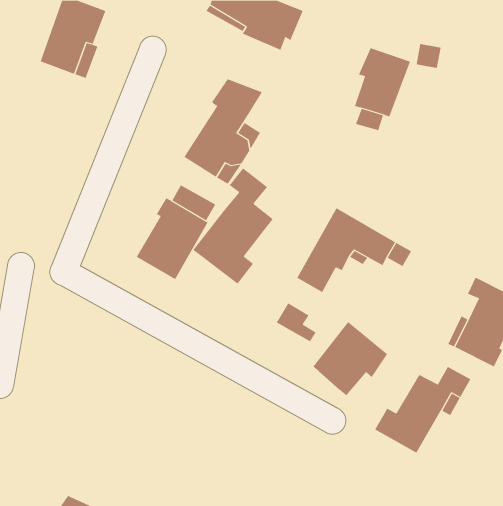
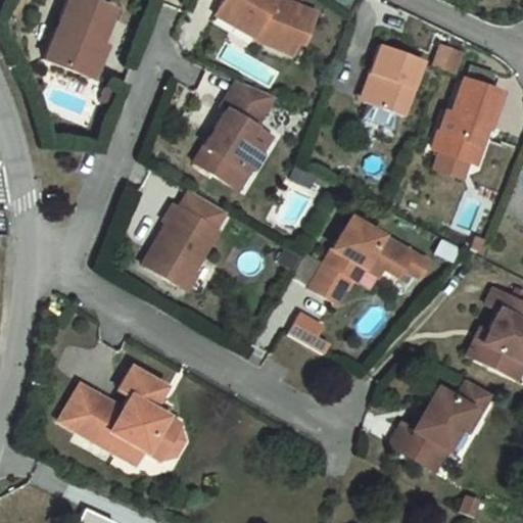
building: none -> [434,86,506,170]
building: [193,167,273,285] -> none
building: [312,321,388,396] -> none
building: none -> [61,365,185,457]

